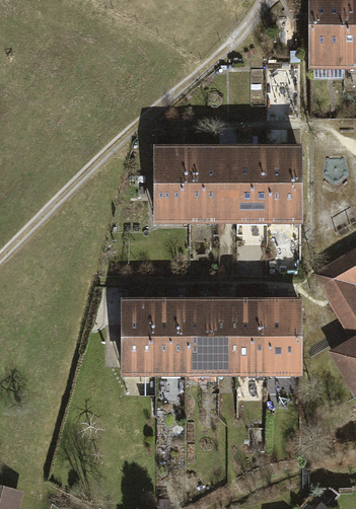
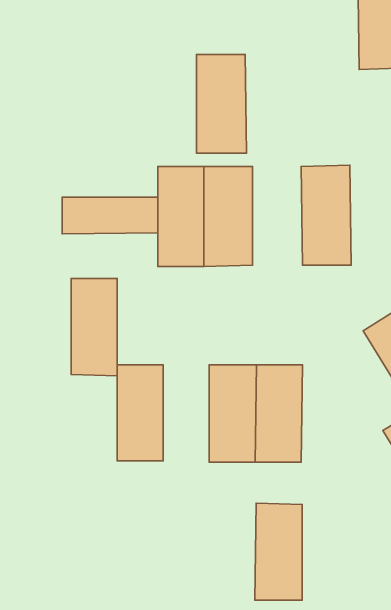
building: [226,147,265,223] -> [197,55,247,153]
building: none -> [62,197,158,234]
building: [157,300,193,375] -> [71,279,117,376]
building: [264,300,300,375] -> [255,503,302,600]

